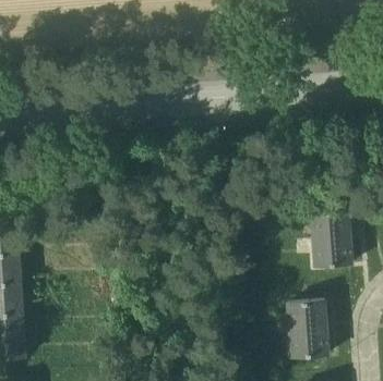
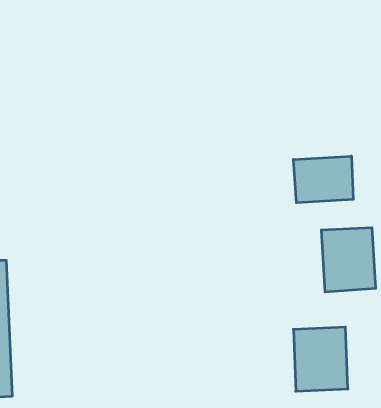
building: none -> [293,156,353,203]

